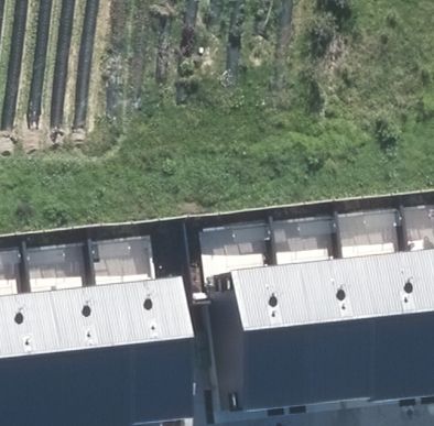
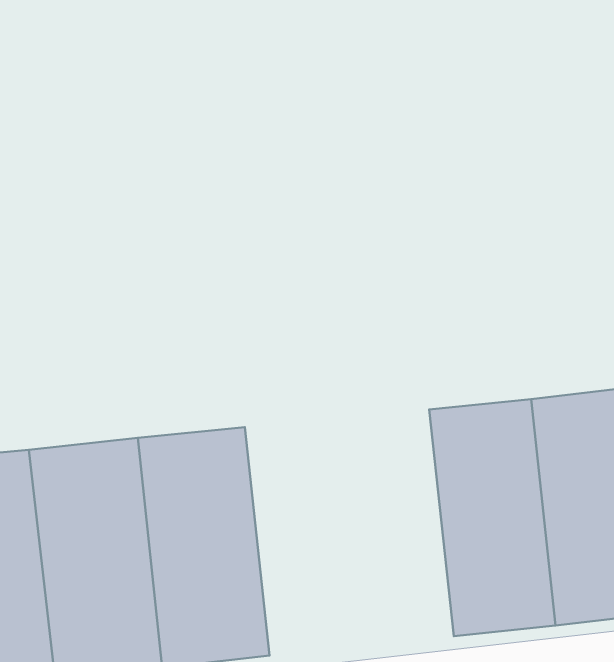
building: [218,264,297,413] -> none

